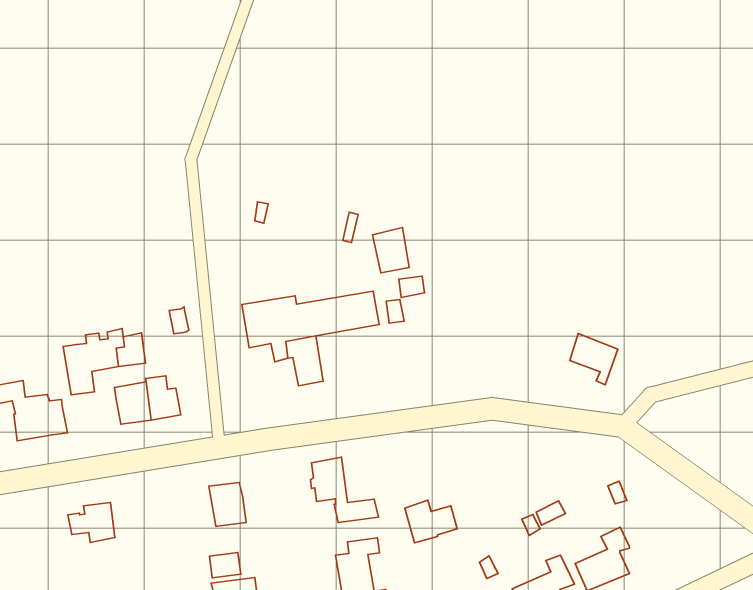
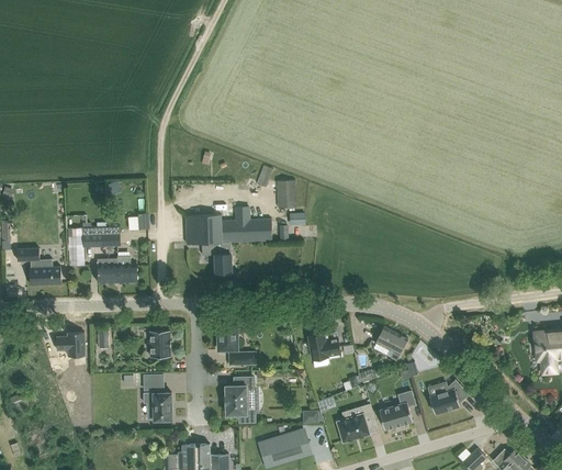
building: [570,334,618,385] -> [375,326,407,361]
building: none -> [429,379,470,414]
building: [405,500,457,543] -> [308,333,340,359]

